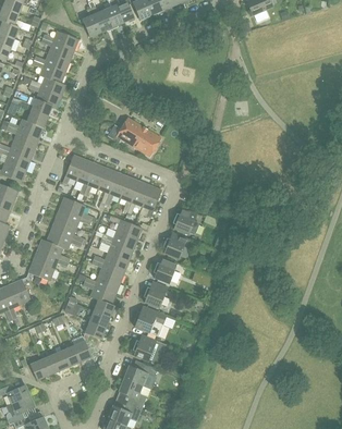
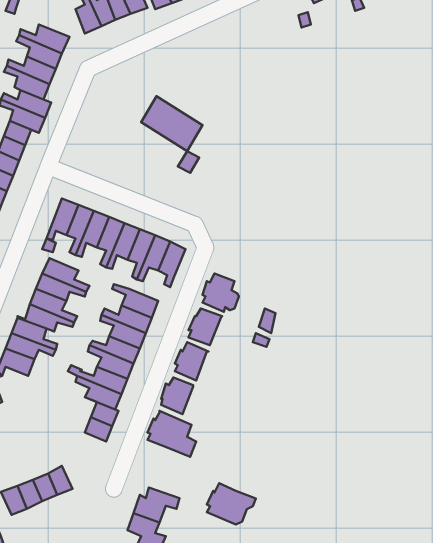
building: [117,117,160,156] -> [141,96,202,151]
building: [73,320,105,360] -> none
building: [133,333,168,363] -> [207,483,256,525]

